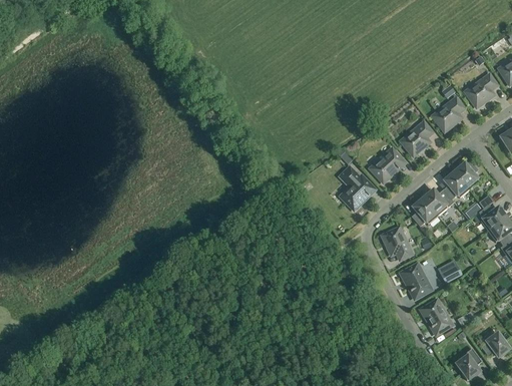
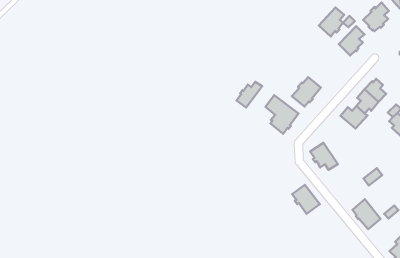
building: [401,122,432,155] -> [319,7,344,37]
building: none -> [236,82,262,108]
building: [411,199,438,226] -> none
building: [401,264,431,298] -> [292,185,320,214]

